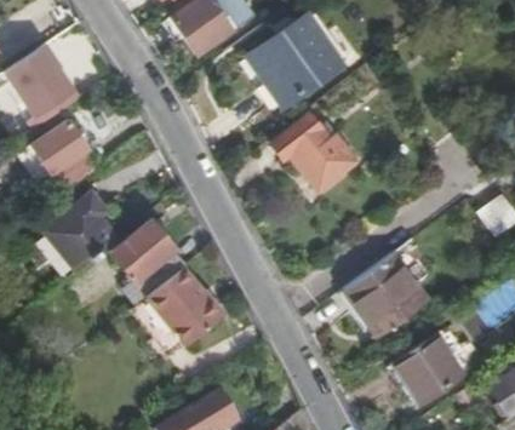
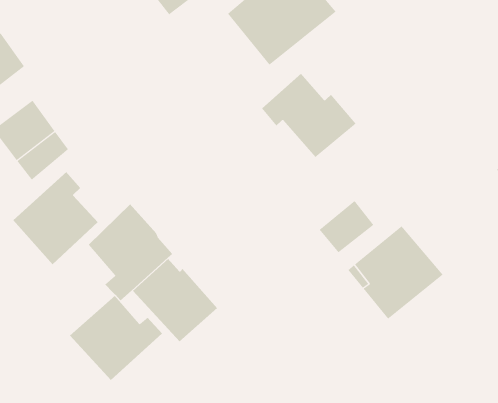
building: none -> [319,200,374,253]
building: none -> [69,295,163,381]
building: [394,332,462,399] -> none

